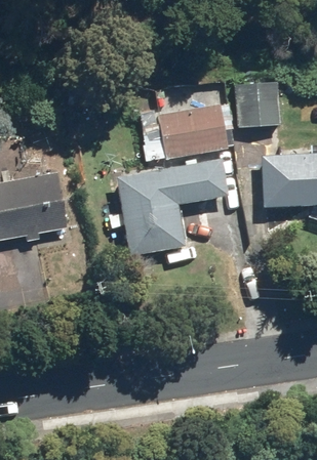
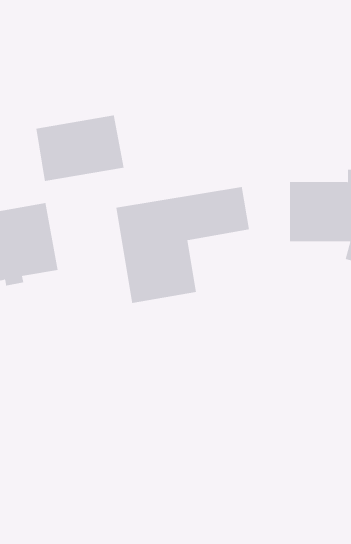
building: [234,77,280,128] -> none
building: [157,103,231,159] -> [36,115,124,181]

